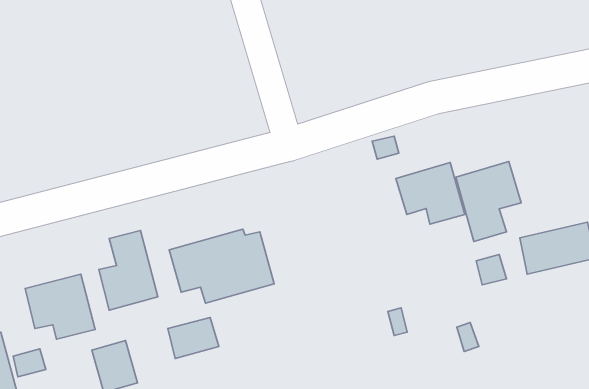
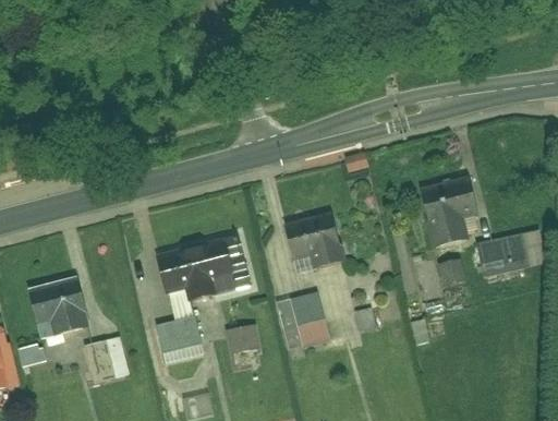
building: [396,163,465,224] -> [284,210,347,266]
building: [99,230,158,310] -> none
building: none -> [277,290,330,351]
building: none -> [228,324,260,352]

